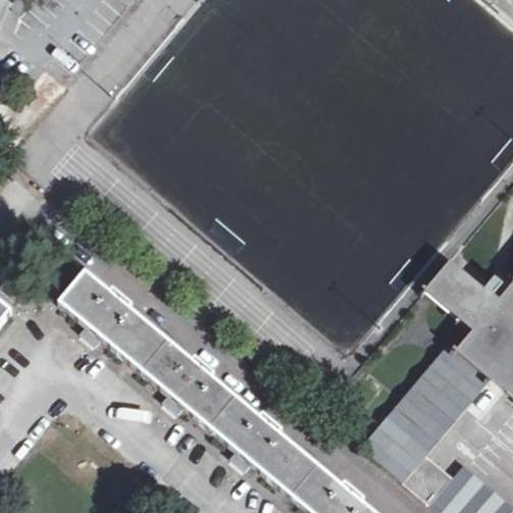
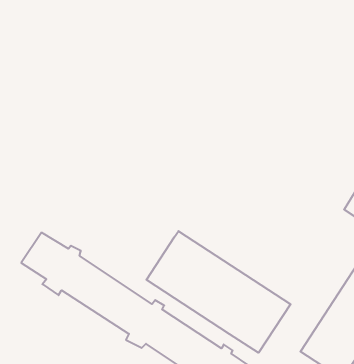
building: none -> [146,231,291,353]

